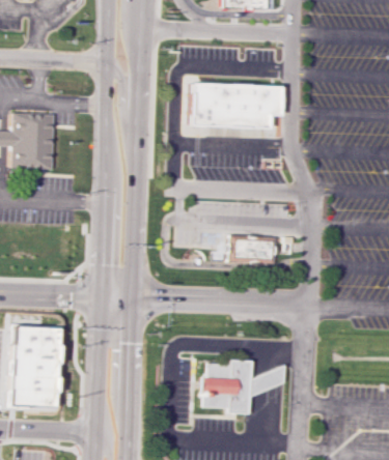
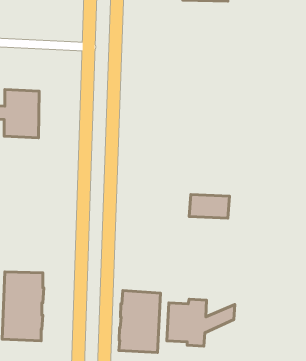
building: [192,83,281,128] -> none
building: none -> [119,291,160,352]

